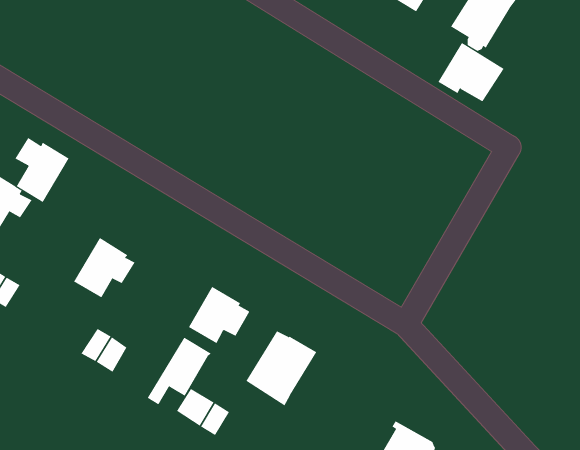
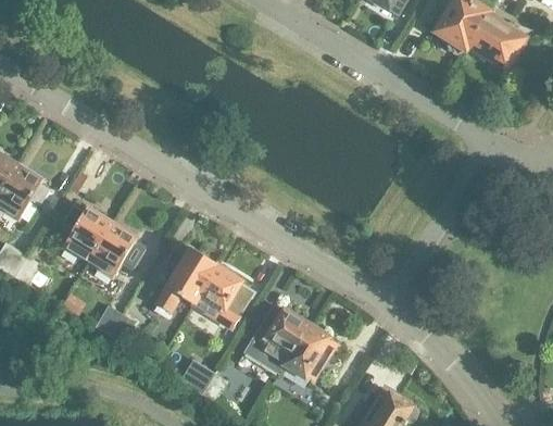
building: [437,42,504,102] -> [464,13,525,67]
building: [15,137,70,203] -> [62,202,112,262]
building: [147,337,211,405] -> [158,249,216,311]
building: none -> [286,326,339,381]

